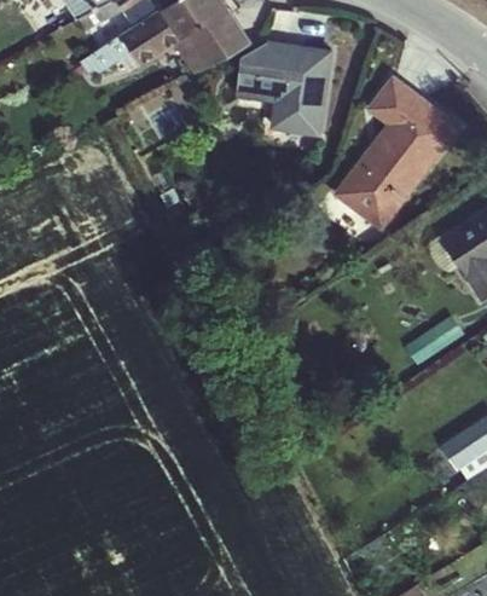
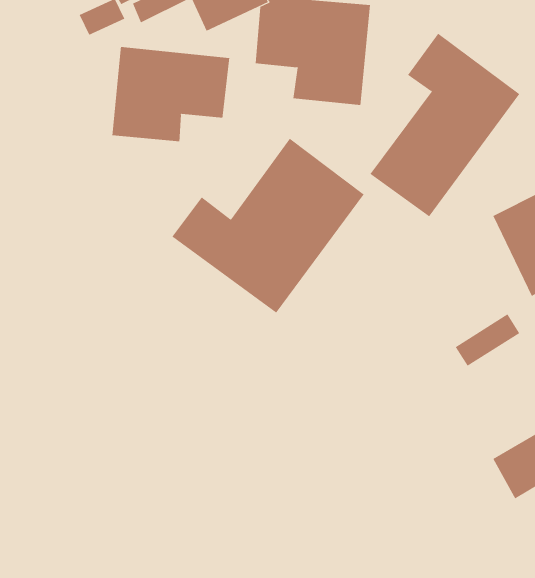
building: none -> [112,46,230,142]
building: none -> [172,138,364,314]

